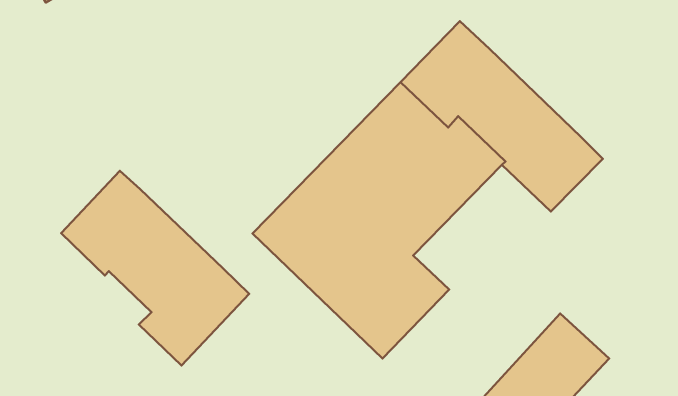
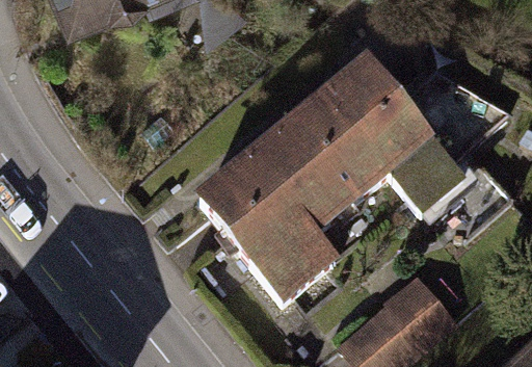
building: none -> [390,75,505,162]
building: [61,171,249,365] -> none

